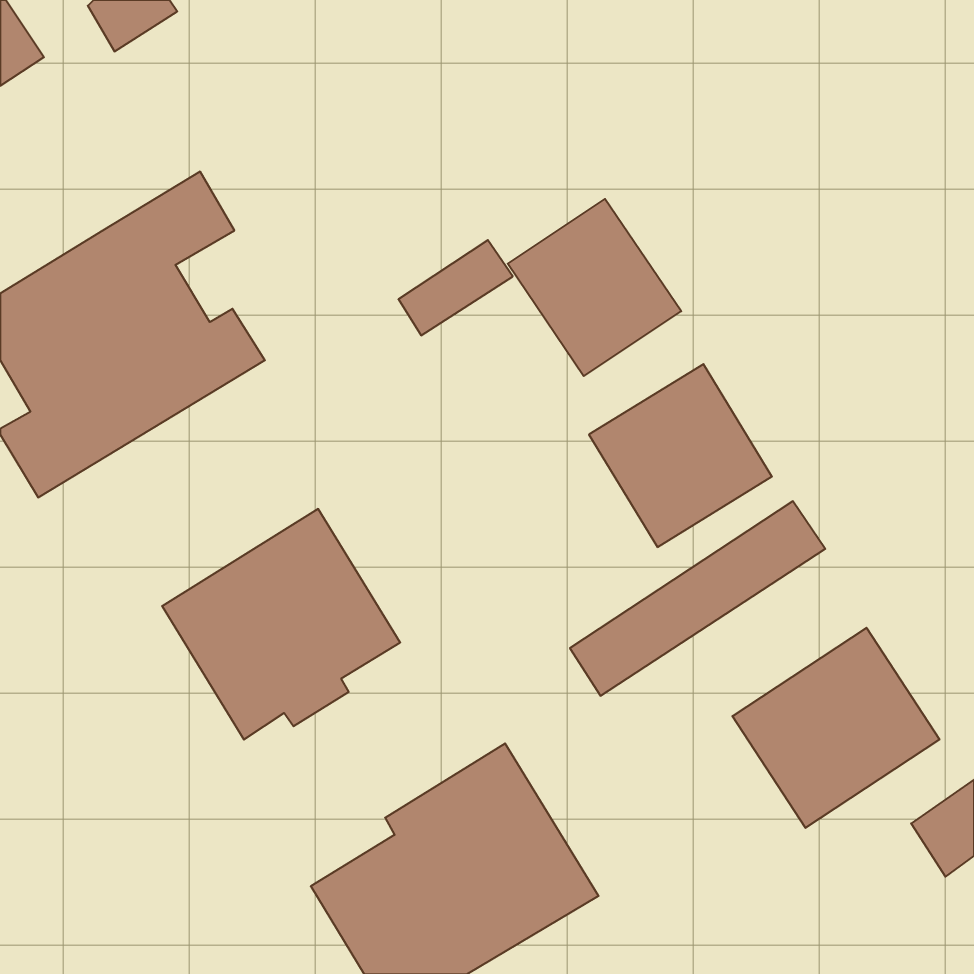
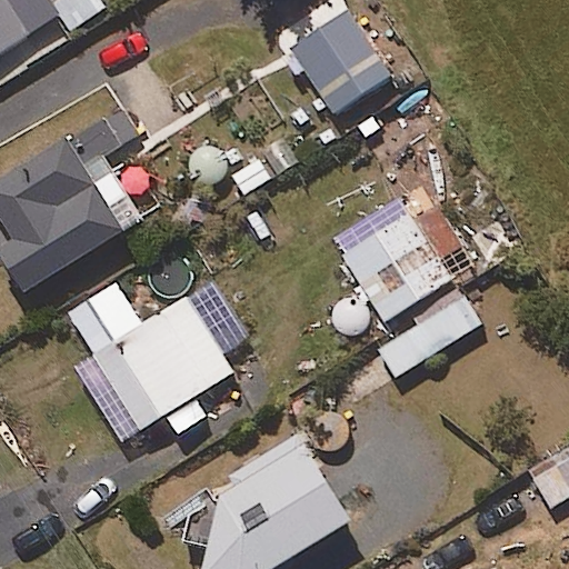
building: [508,199,681,376] -> [291,10,392,113]
building: [732,628,939,828] -> none

